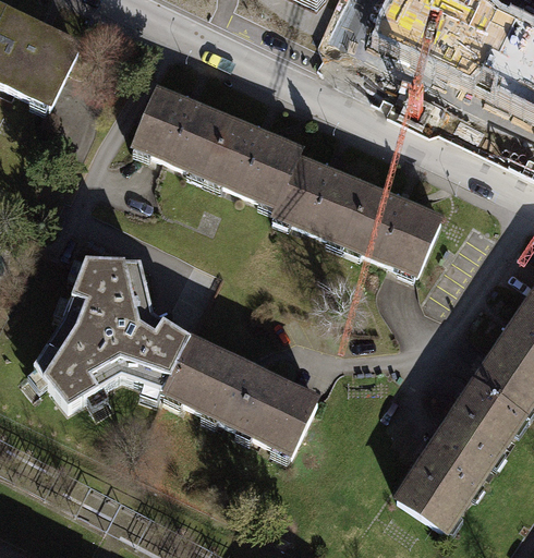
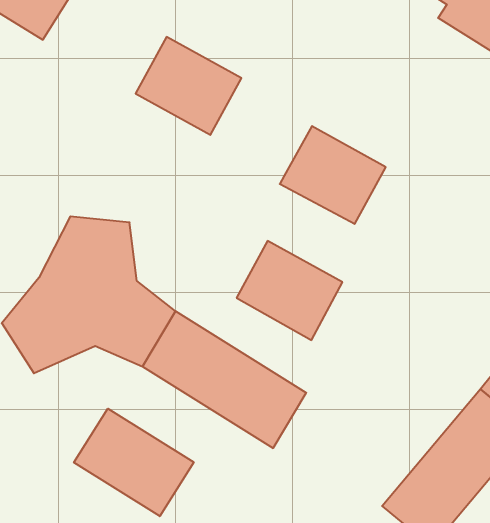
building: [207,118,302,203] -> none
building: [347,185,441,271] -> [237,241,342,340]
building: none -> [74,409,194,516]

